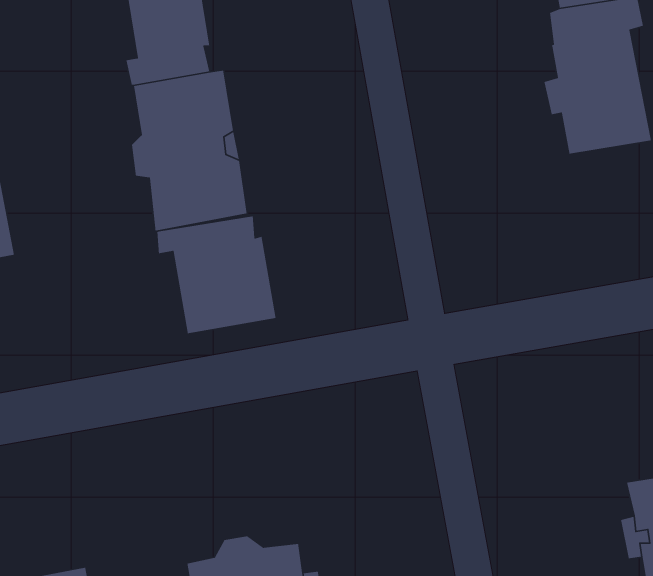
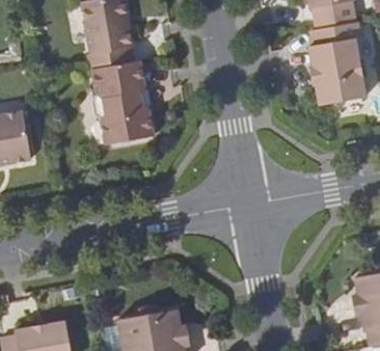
building: [156,215,276,334] -> none

